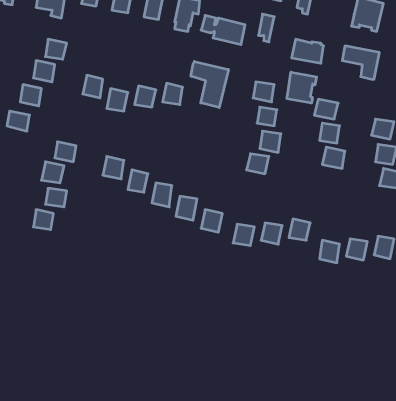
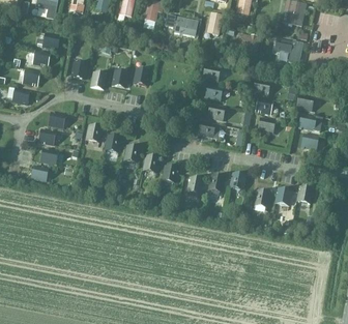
building: [191,61,228,108] -> none
building: [287,72,317,103] -> none

